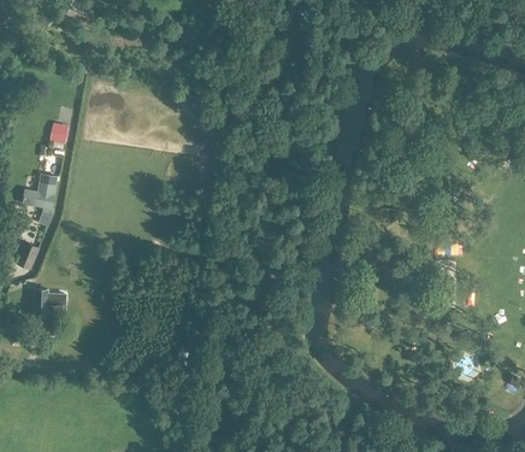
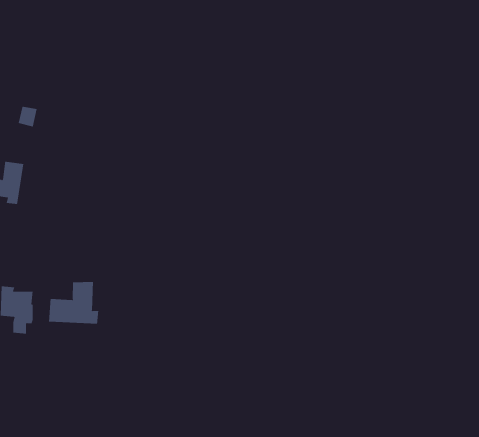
building: none -> [49,281,99,324]

